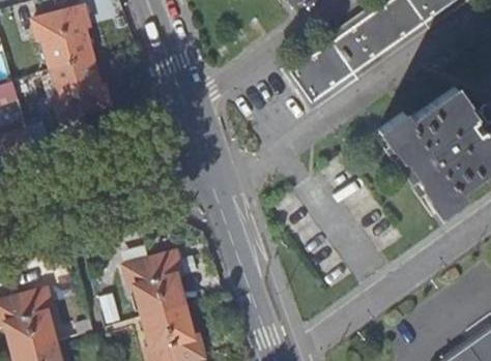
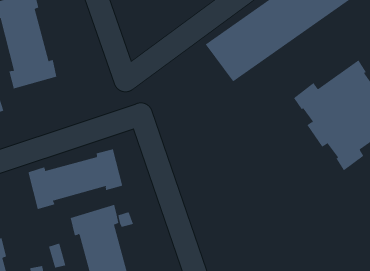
building: none -> [28,148,123,210]

